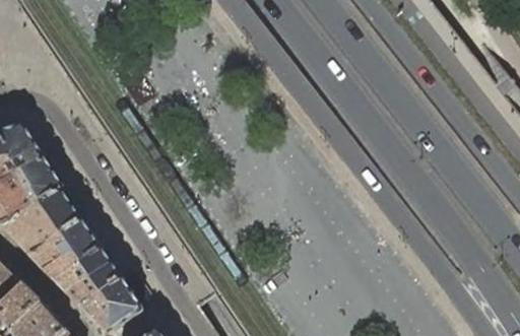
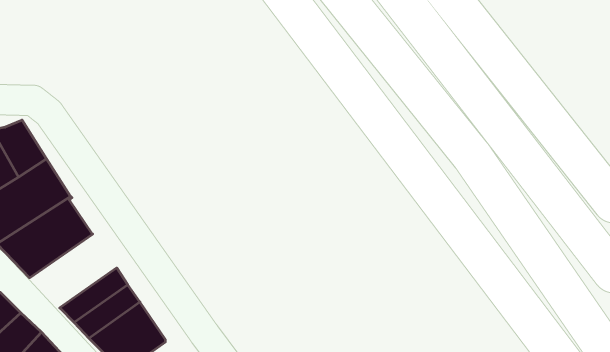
building: [27,220,101,282] -> none

